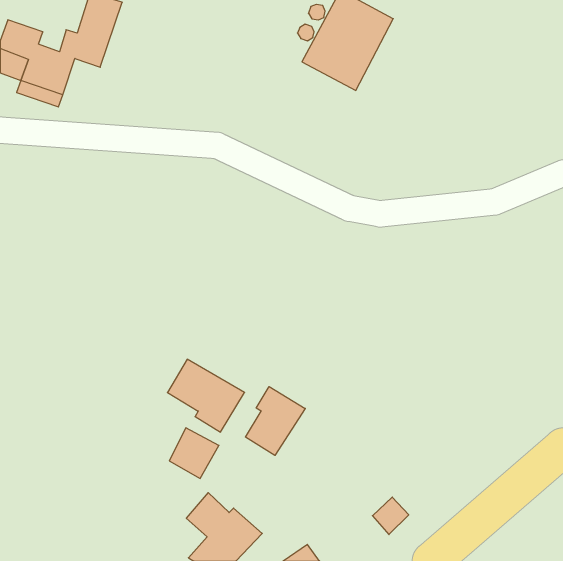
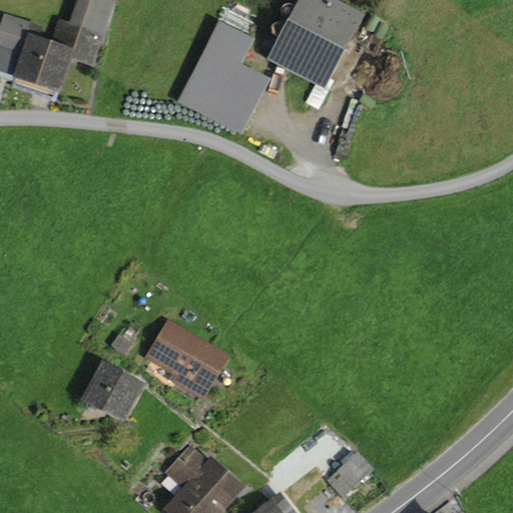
building: none -> [183,26,264,128]
building: [245,387,305,455] -> none
building: [169,428,219,478] -> [91,367,136,413]

